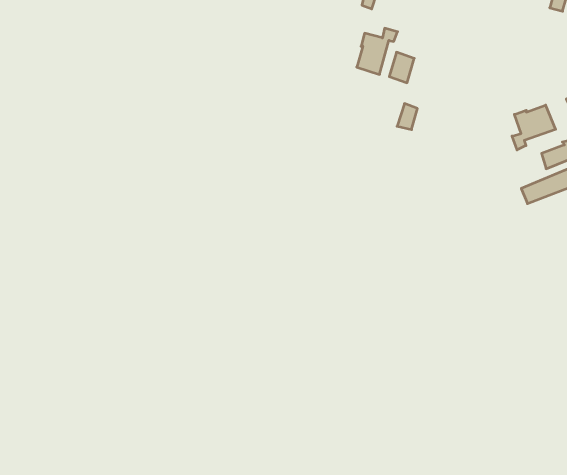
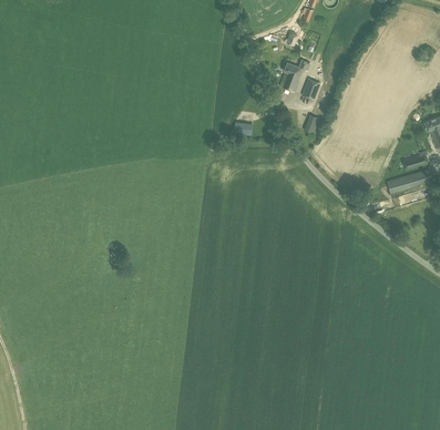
building: [512,105,556,150] -> none

